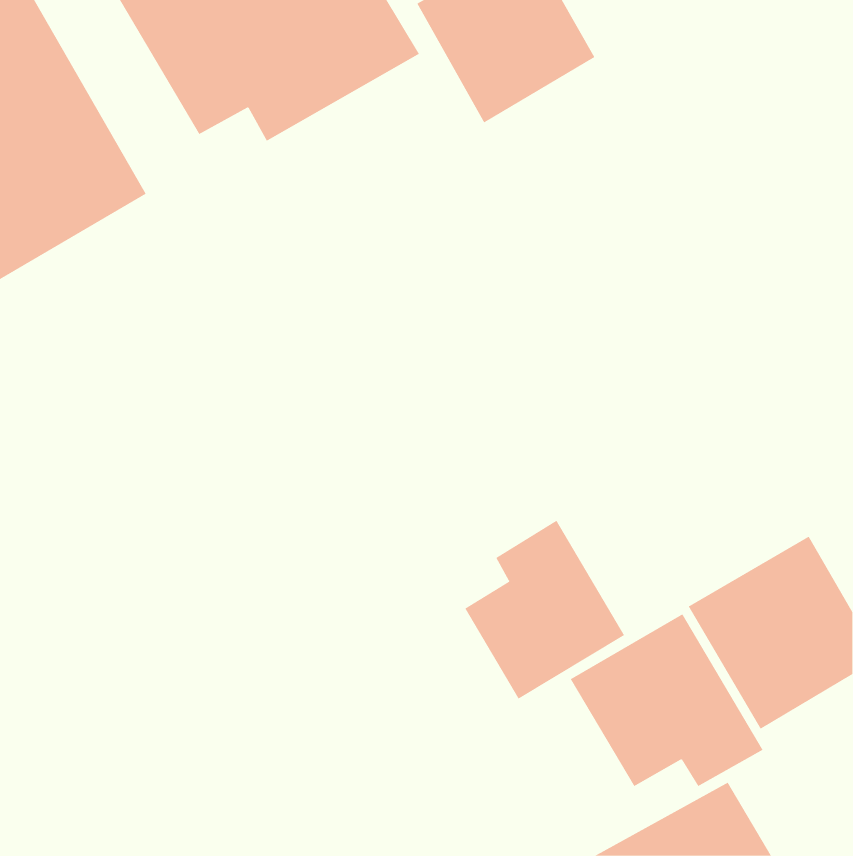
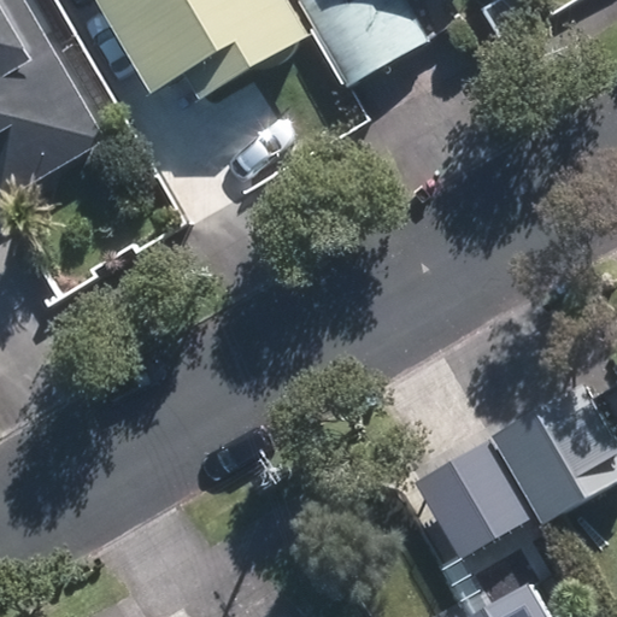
building: [465,520,625,699] -> none

